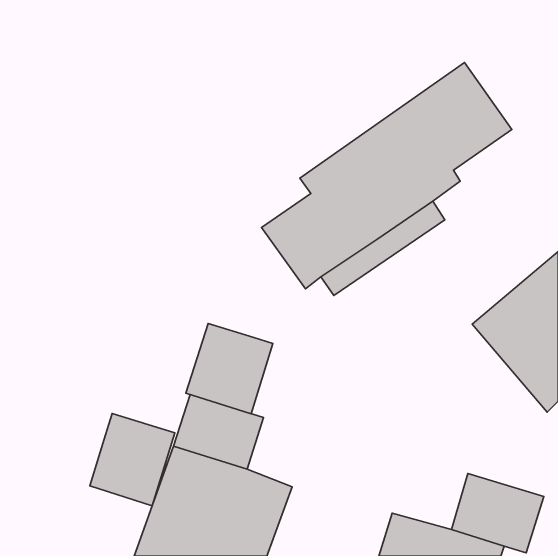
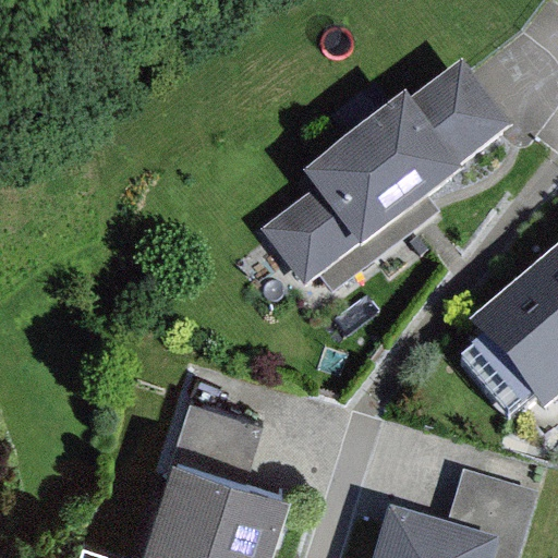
building: [186,324,273,414] -> none
building: [90,414,175,506] -> none

